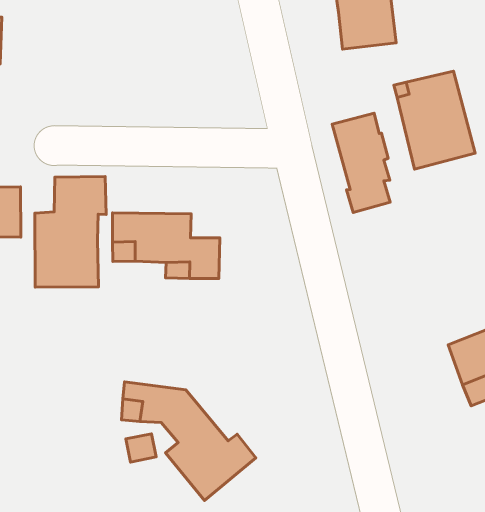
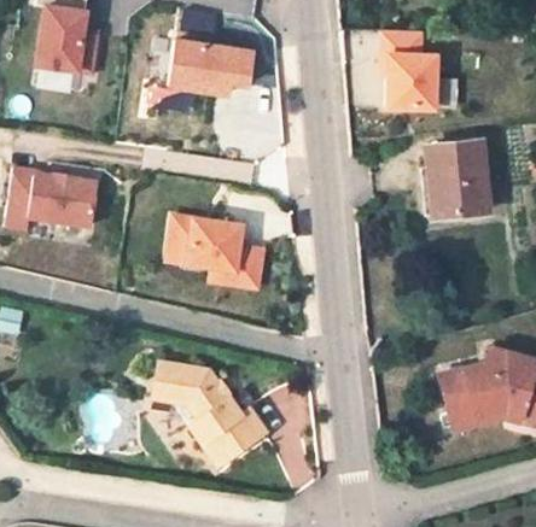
building: none -> [171,39,257,95]
building: [332,113,390,212] -> none
building: [35,176,106,287] -> none

